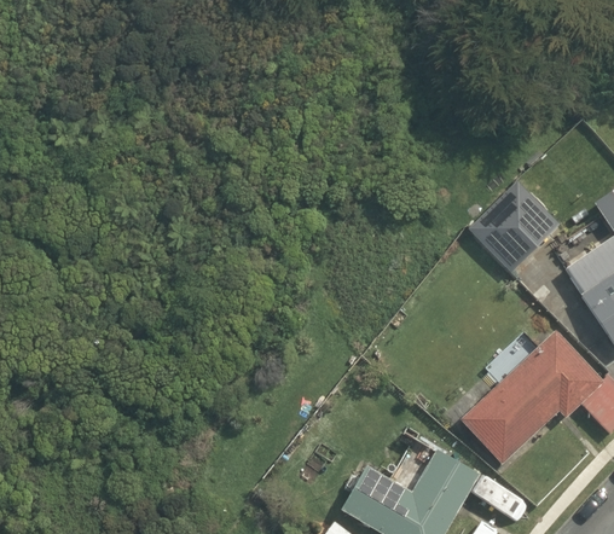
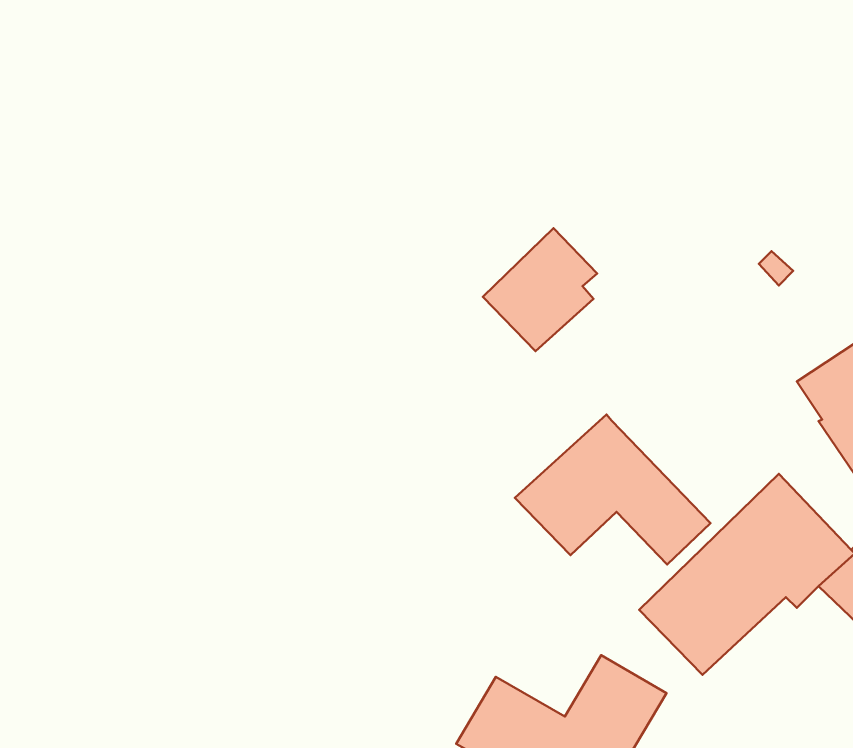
building: [476,182,552,265] -> [483,228,597,351]
building: none -> [515,415,710,565]

